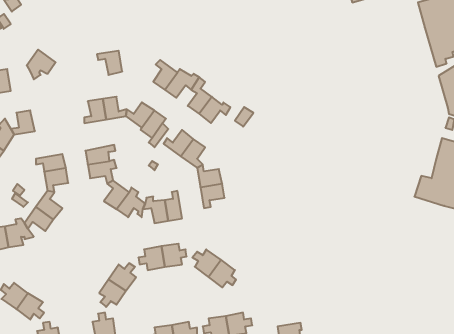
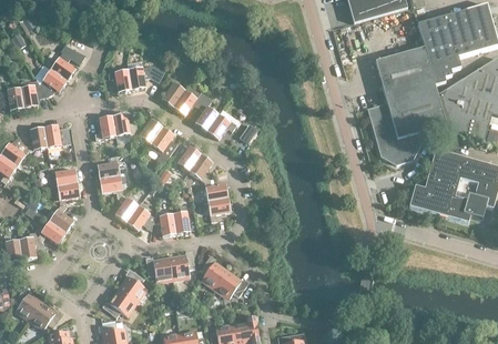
building: none -> [51,44,85,79]
building: none -> [367,45,446,162]
building: none -> [128,59,165,88]
building: none -> [20,78,47,107]
building: none -> [43,123,71,145]

